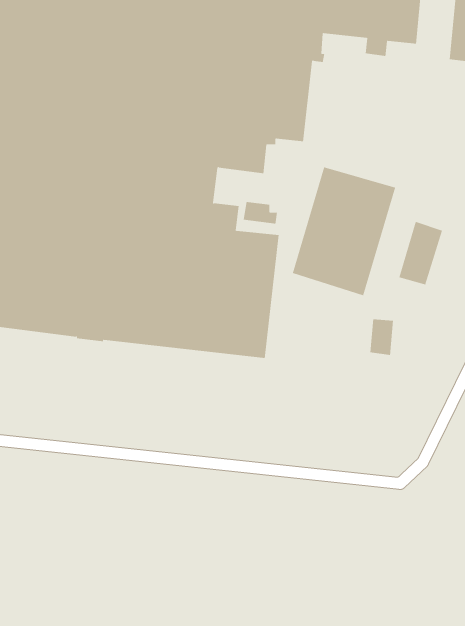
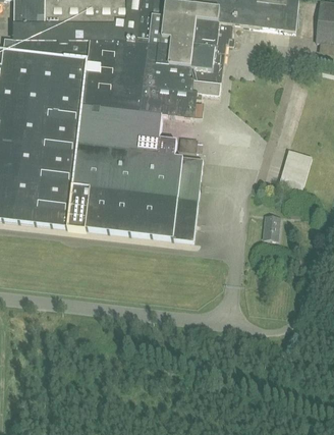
building: [292,167,396,296] -> none

